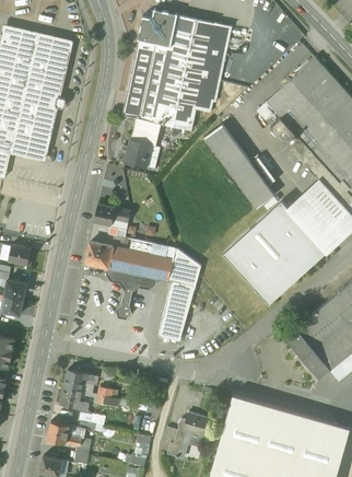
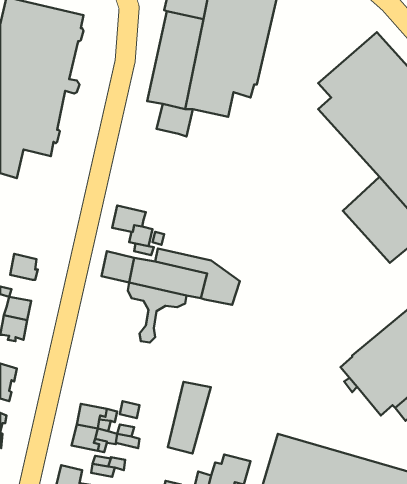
building: [204,125,274,209] -> none
building: [126,139,150,167] -> none
building: [224,201,327,304] -> none
building: [159,282,195,342] -> [168,382,211,454]

